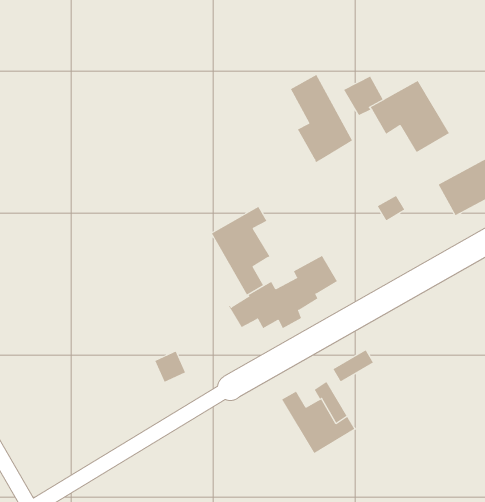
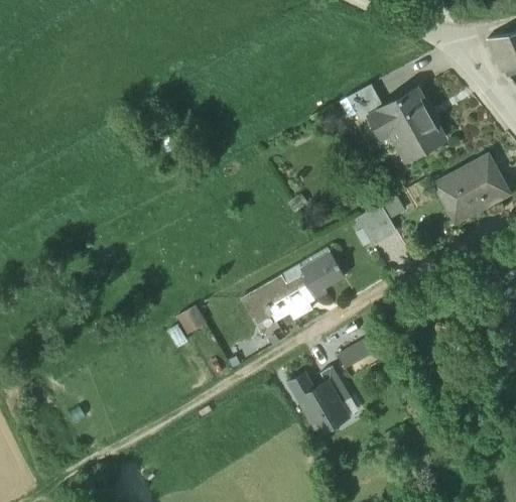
building: [290,74,353,163] -> none
building: none -> [357,206,394,245]
building: [211,206,270,296] -> none
building: [154,351,186,382] -> [175,305,205,335]

